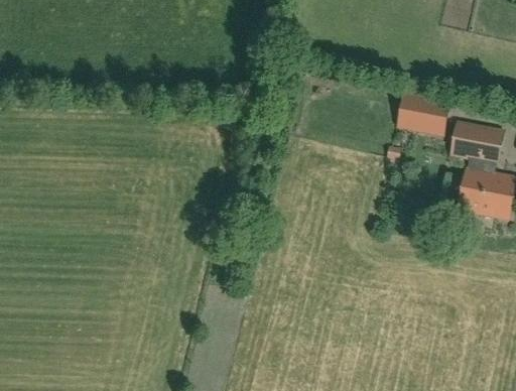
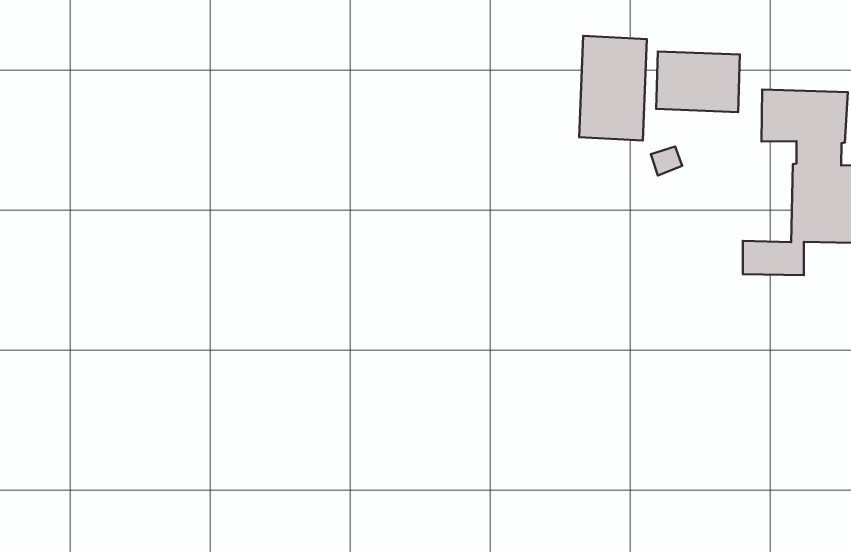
building: none -> [579,36,647,140]

